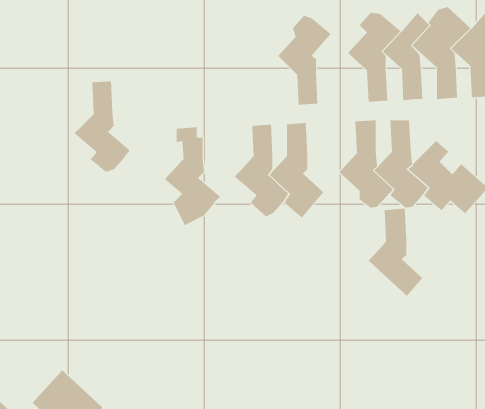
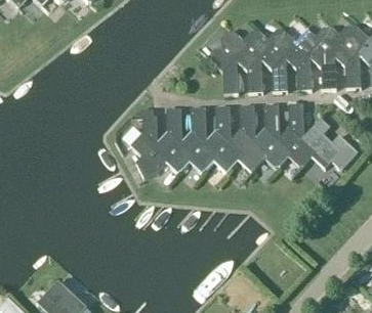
building: none -> [234,32,272,93]
building: [74,81,131,172] -> [154,108,194,173]
building: [368,208,423,297] -> [228,105,266,168]

